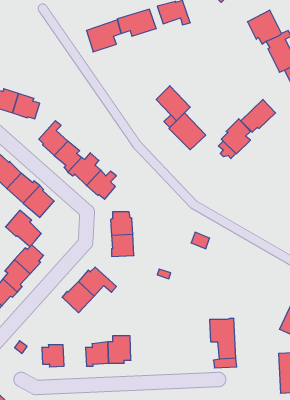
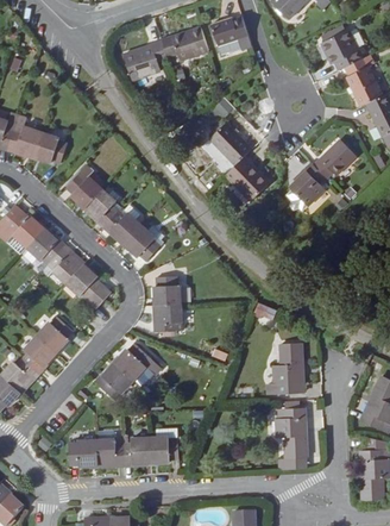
building: [5,210,41,247] -> [67,263,111,308]
building: none -> [268,343,303,394]
building: none -> [95,438,124,466]

